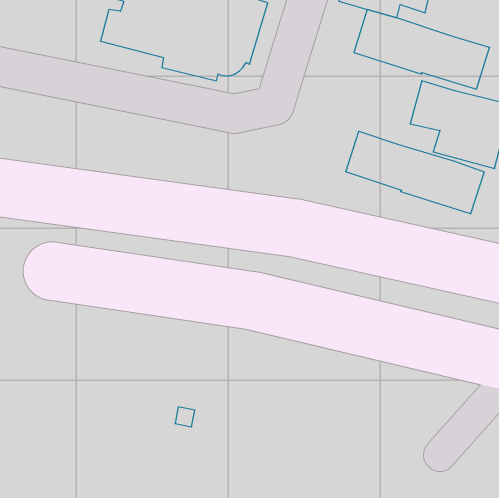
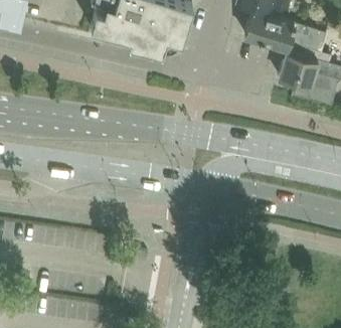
building: [346,131,484,214] -> none

